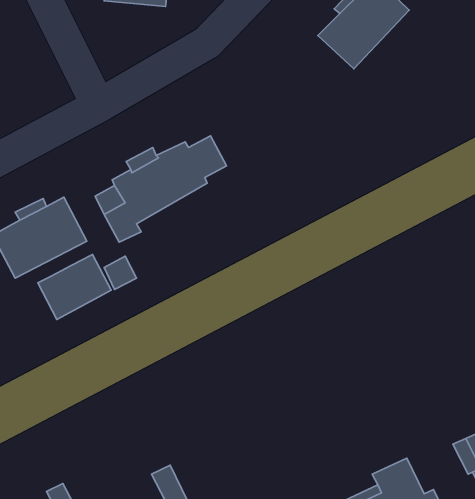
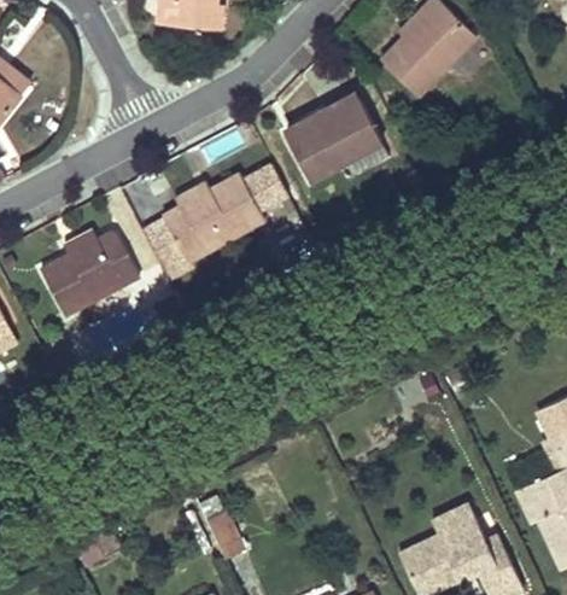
building: none -> [285,97,391,183]
building: [38,254,111,319] -> none

